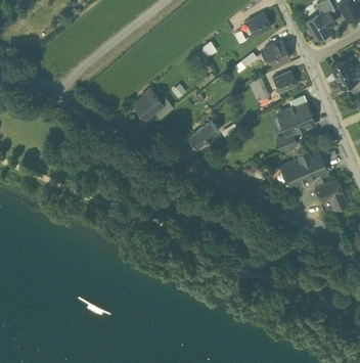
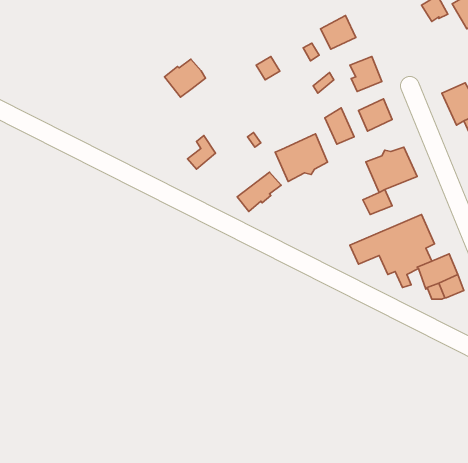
building: [307,12,334,39] -> none
building: [134,91,163,118] -> [164,59,205,97]
building: none -> [275,134,328,181]

